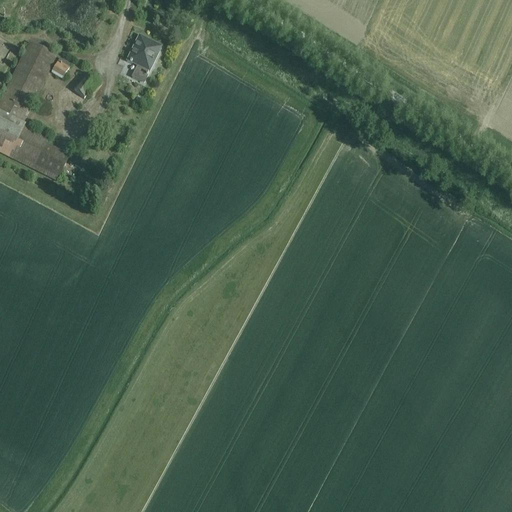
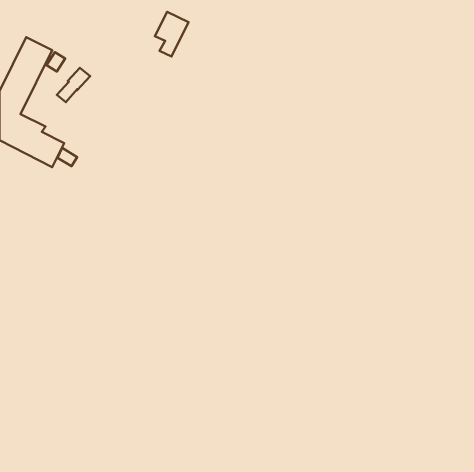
building: [125,34,161,82] -> [155,12,188,57]

